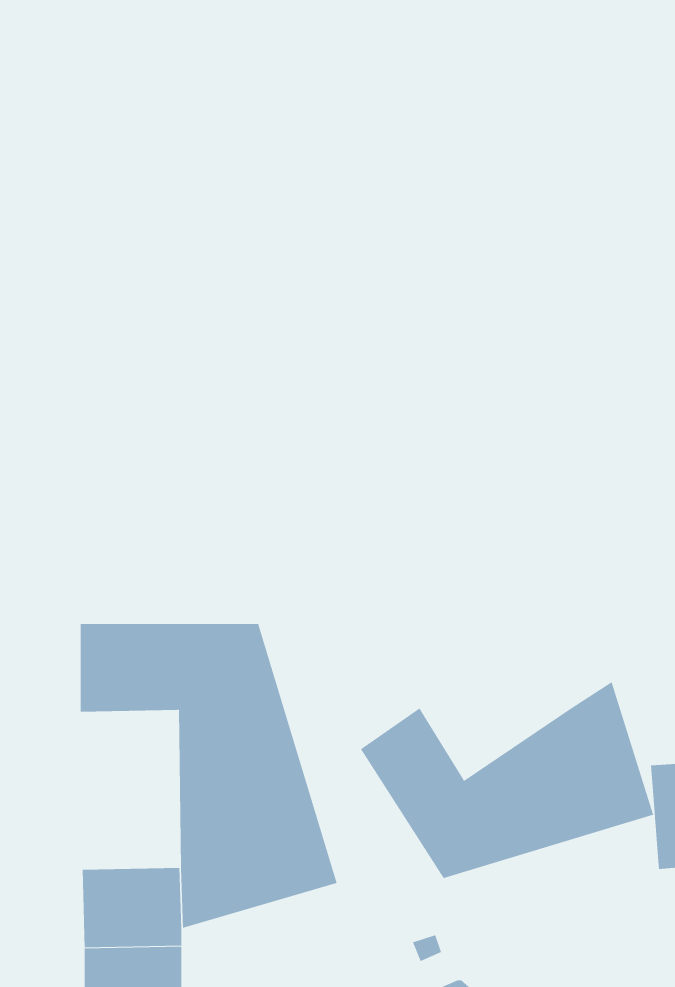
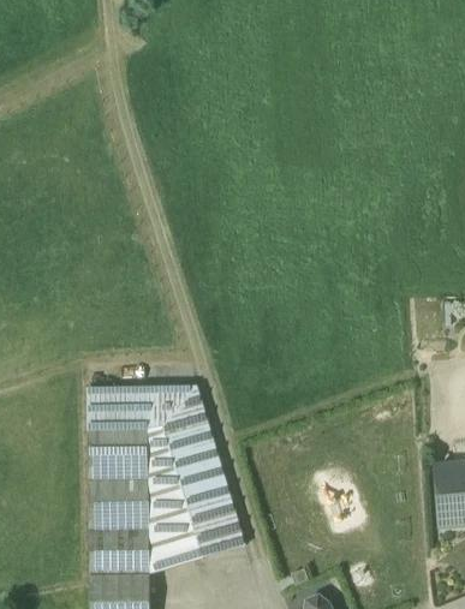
building: [360,681,654,879] -> none
building: none -> [88,435,149,532]

